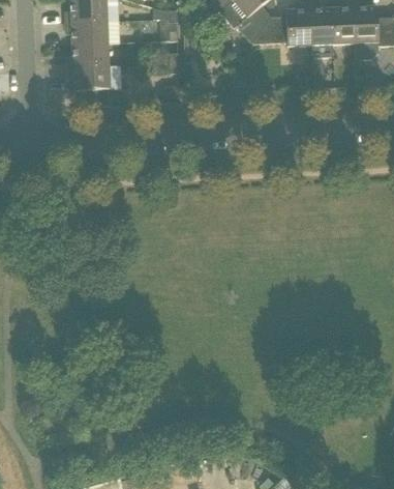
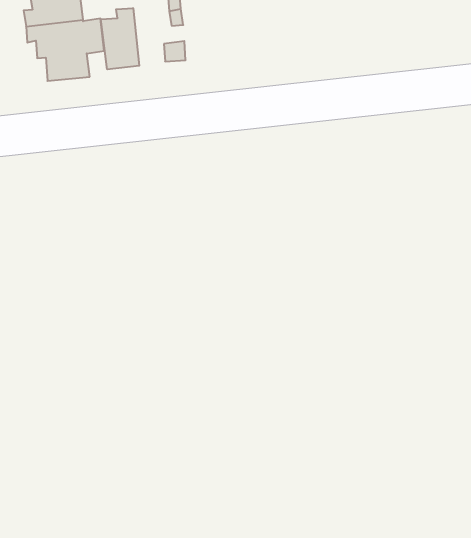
building: none -> [101,8,139,69]

